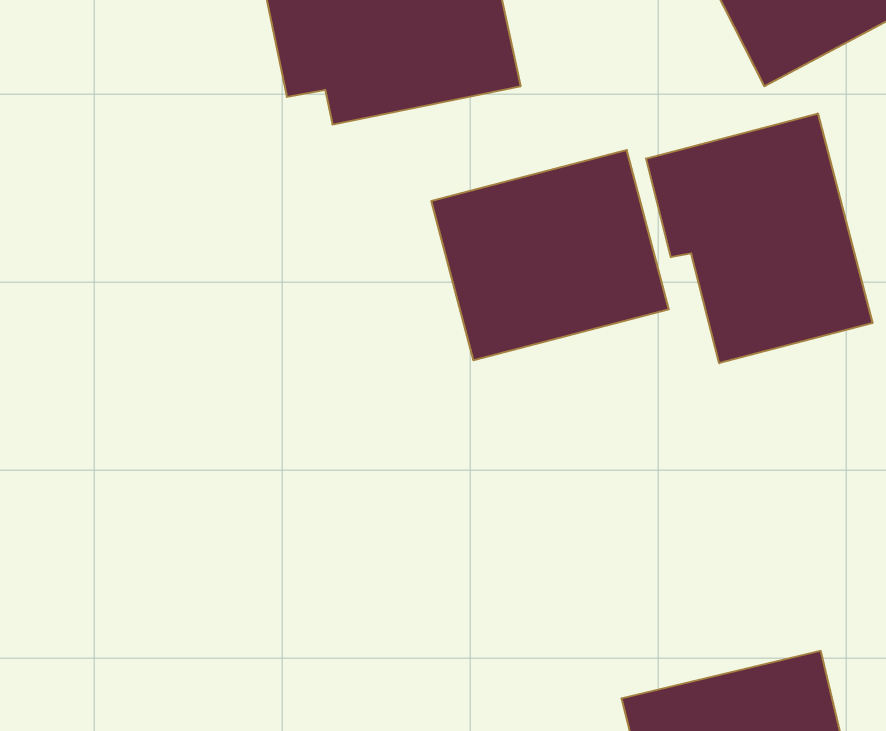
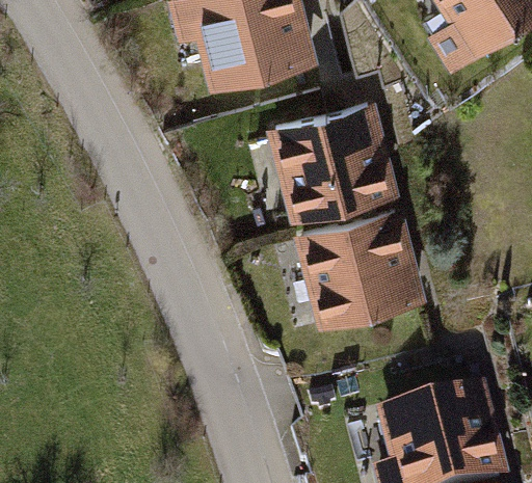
building: [646,113,873,363] -> none
building: none -> [294,214,428,331]

